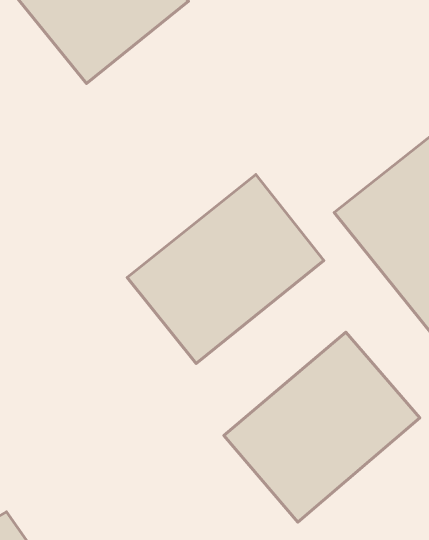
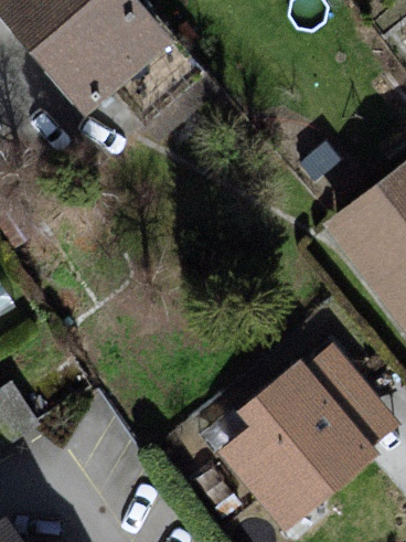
building: [127,175,324,363] -> none

